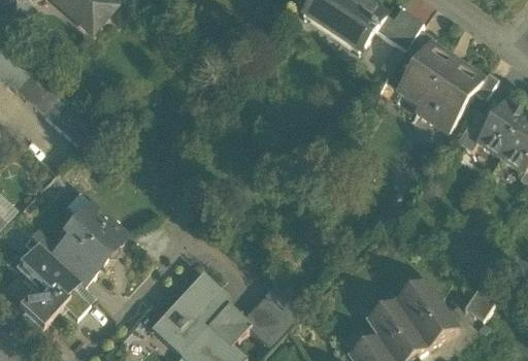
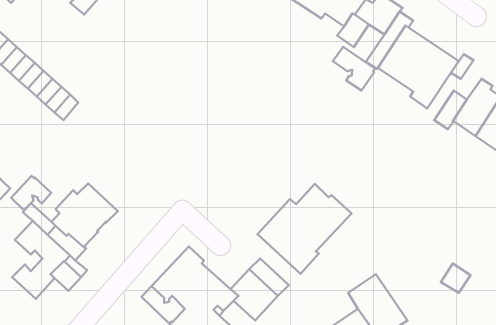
building: none -> [333,47,375,90]
building: none -> [11,176,51,210]
building: none -> [258,184,351,274]
building: [394,283,456,351] -> none

